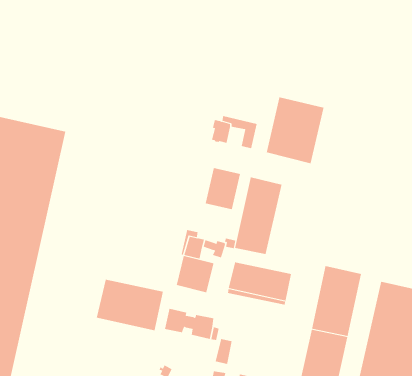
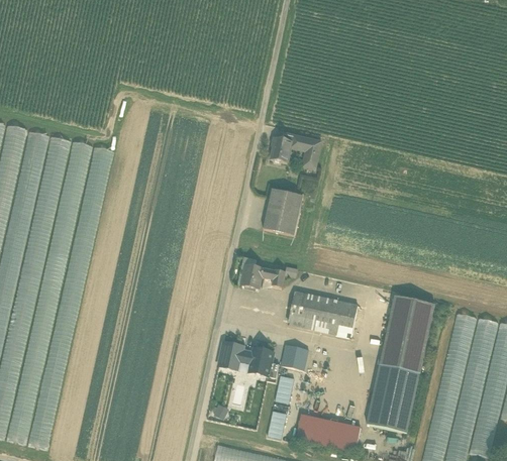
building: [266,97,324,164] -> none
building: [234,176,282,255] -> none
building: [176,255,214,293] -> none
building: [96,279,163,331] -> none
building: none -> [283,345,309,370]

